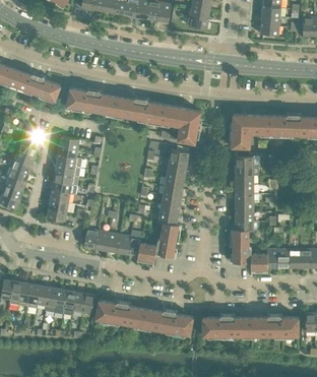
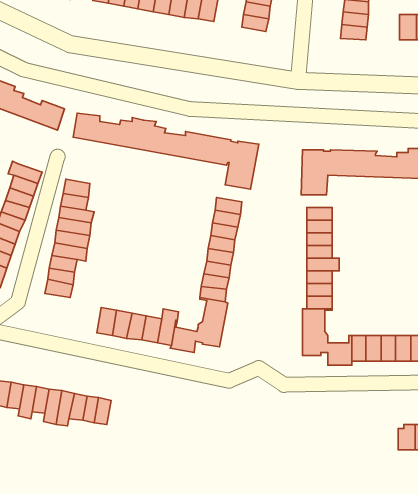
building: [94,300,192,334] -> none
building: [201,314,298,335] -> none

